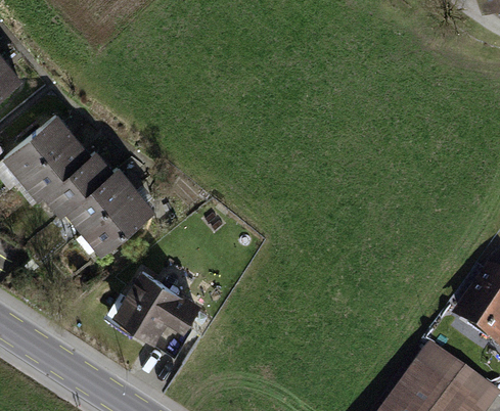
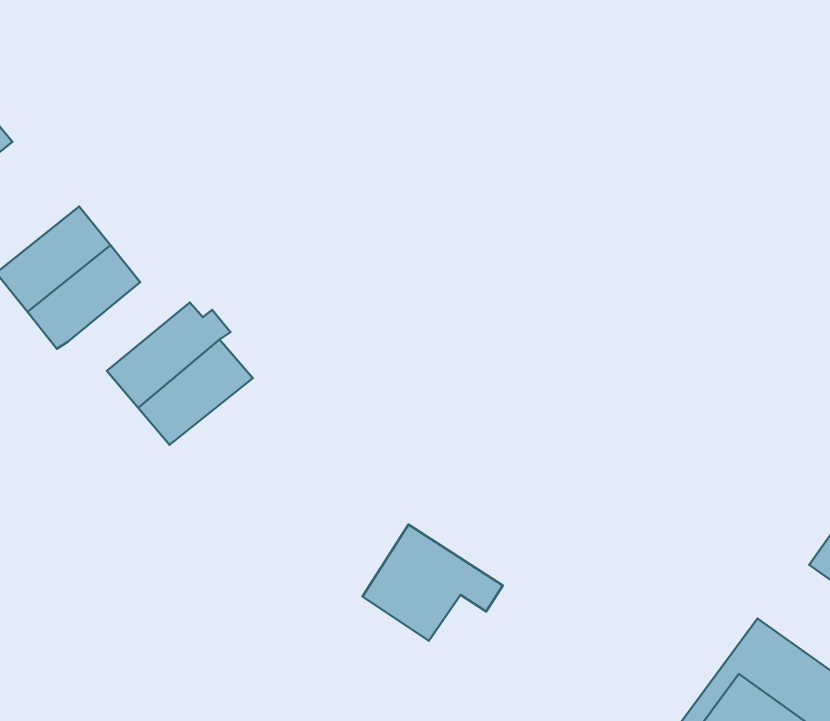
building: [48,153,110,212] -> none
building: [116,273,193,337] -> [362,525,503,641]

